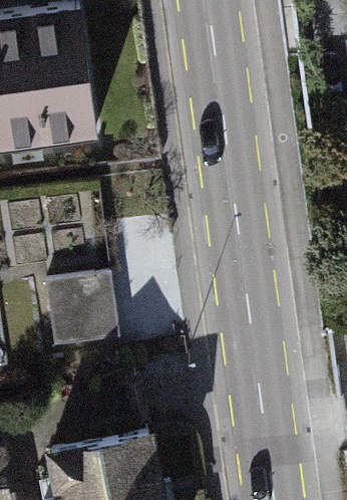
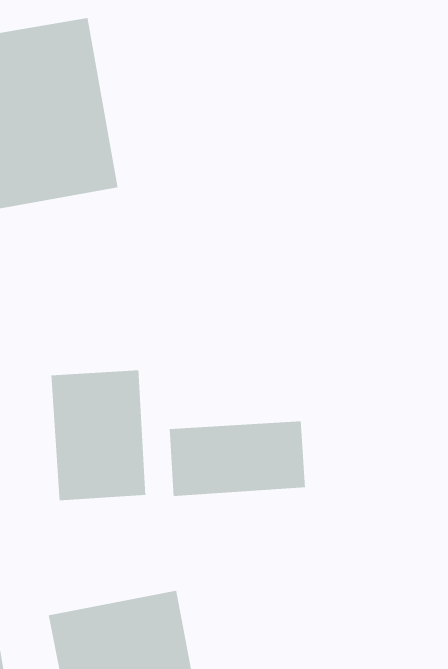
building: none -> [169,420,306,497]

